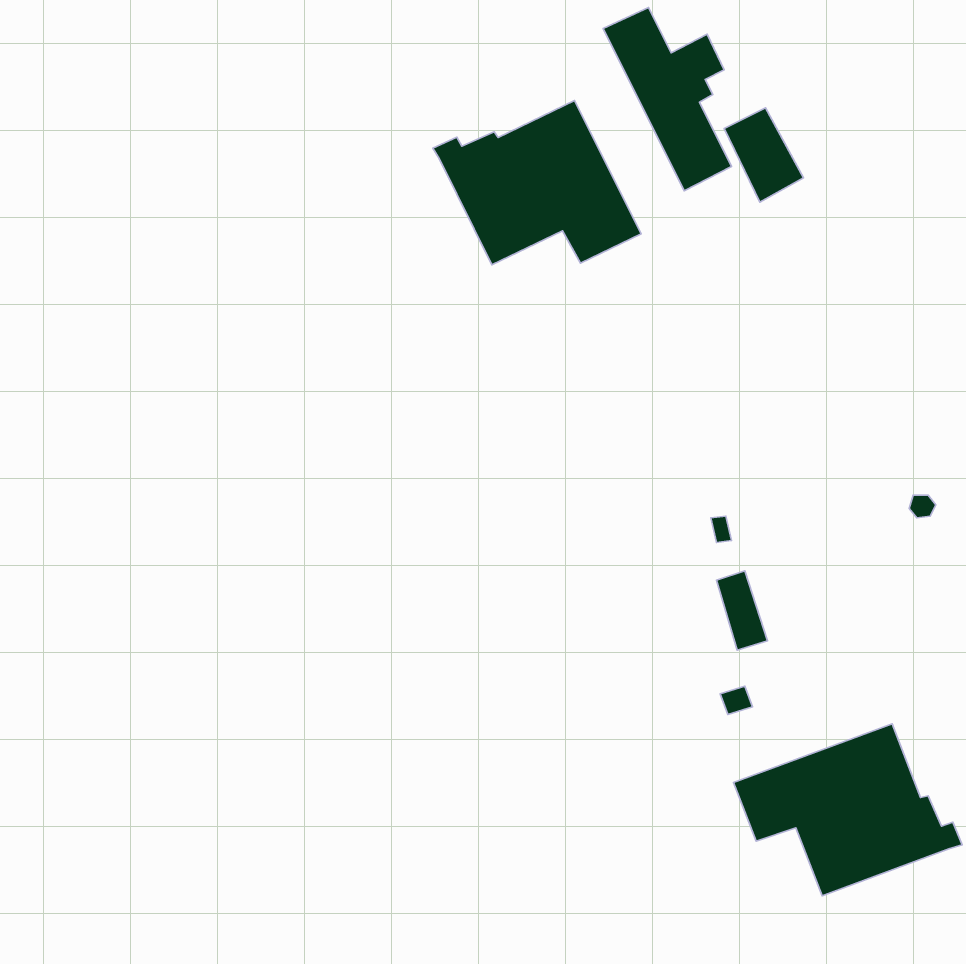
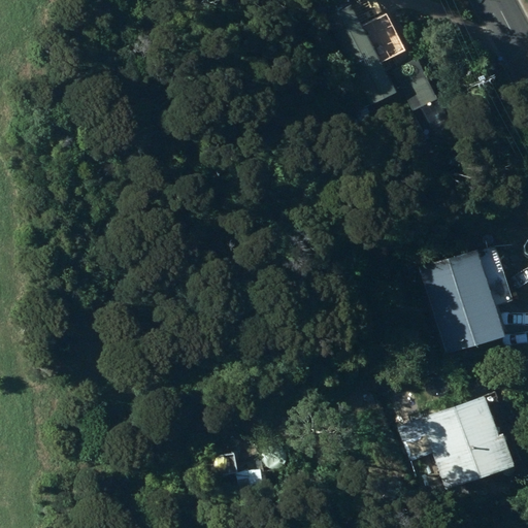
building: [433,100,641,265] -> none
building: none -> [423,250,507,354]

